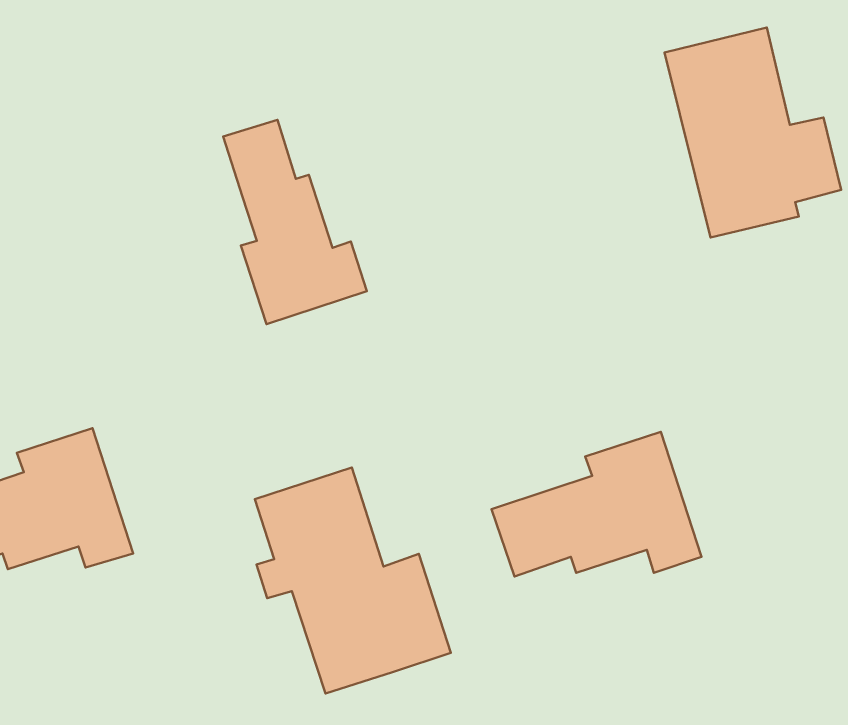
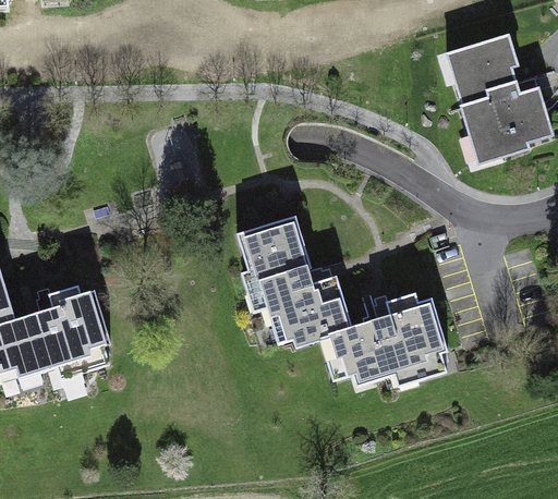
building: [223,120,367,324] -> none
building: [255,468,451,693] -> [244,208,365,348]

